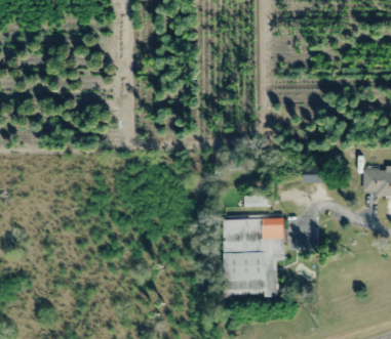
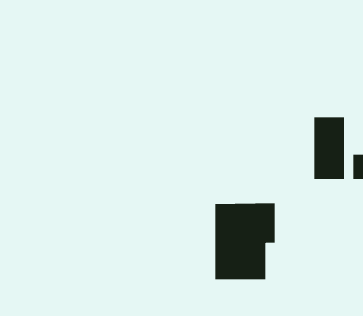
building: none -> [314,117,345,180]

